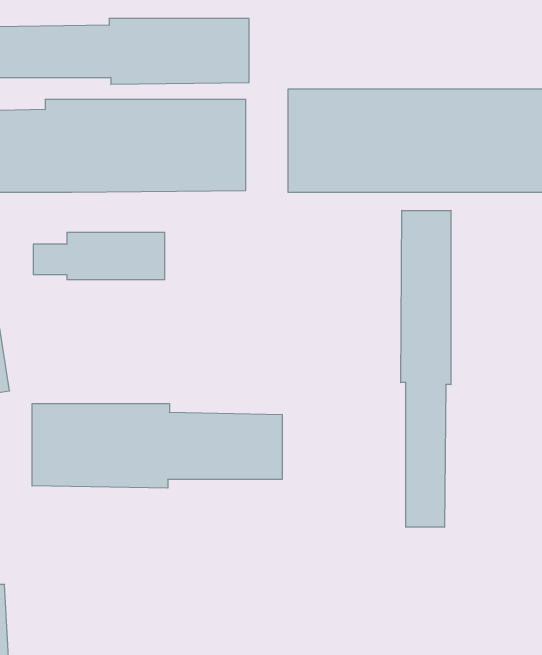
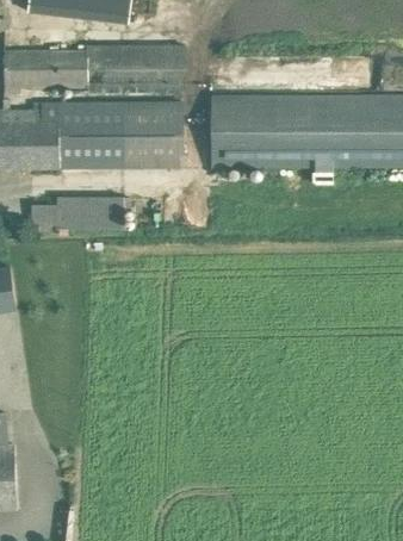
building: [401,210,451,527] -> none
building: [32,404,282,488] -> none

